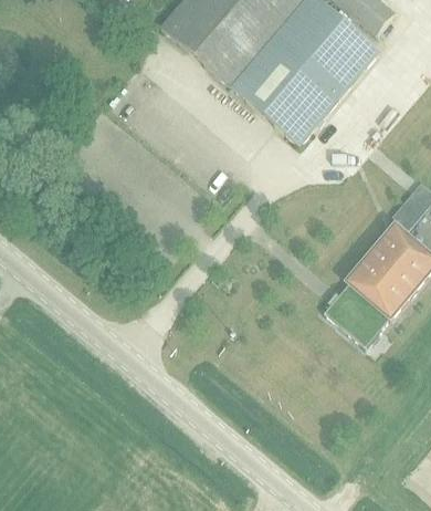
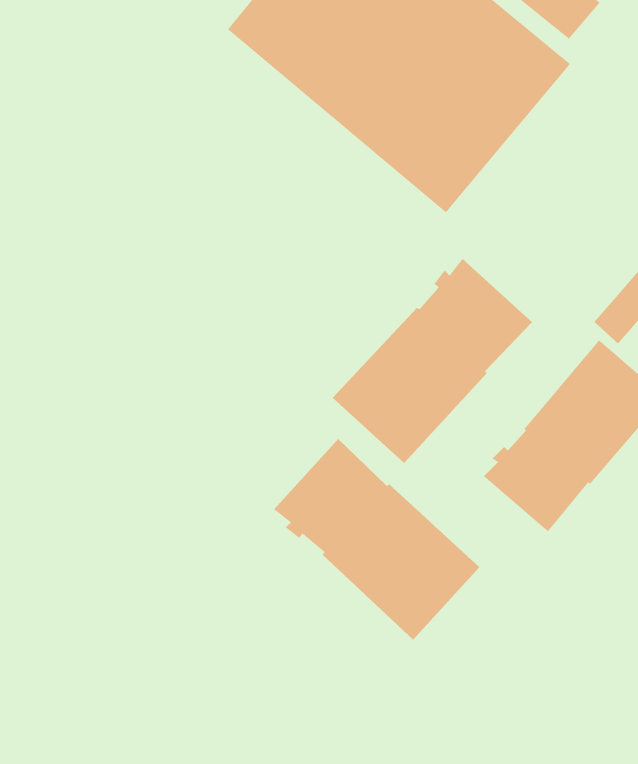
building: none -> [332,258,533,464]
building: none -> [273,438,480,641]

